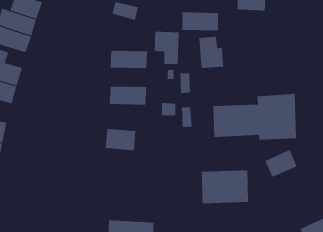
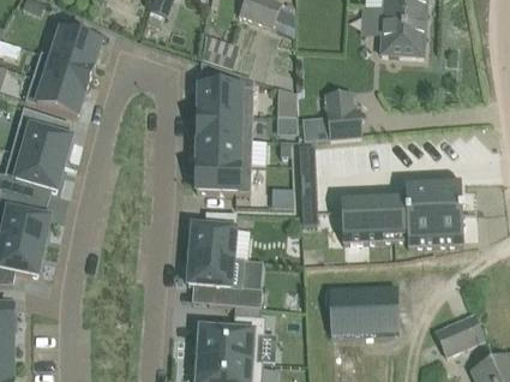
building: [181,12,219,31] -> [198,85,252,113]
building: none -> [197,137,251,165]
building: none -> [187,253,262,308]
building: [264,149,298,177] -> [434,314,482,354]
building: none -> [194,315,264,360]

